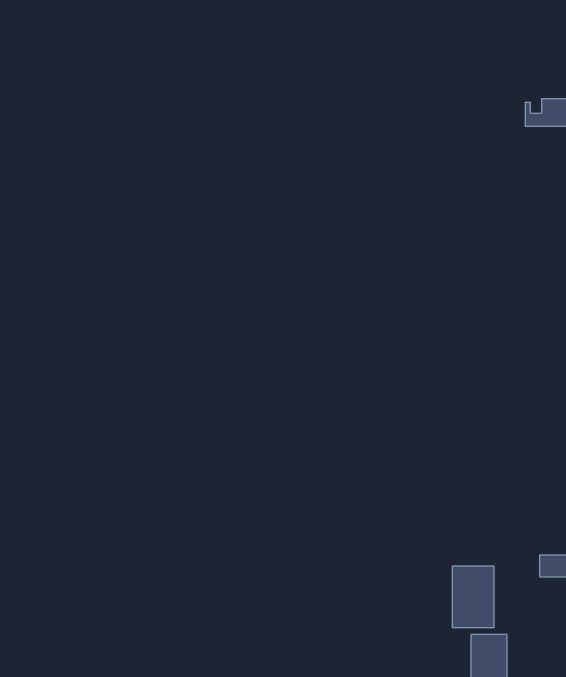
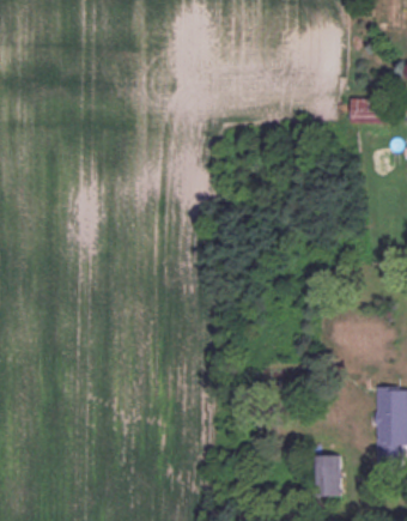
building: [453,566,494,628] -> none

